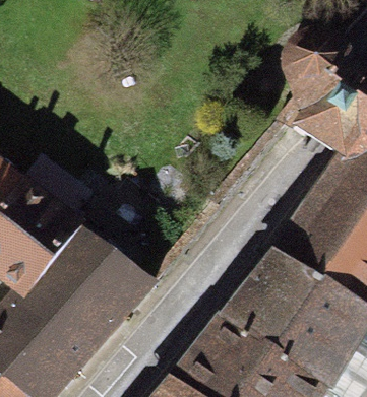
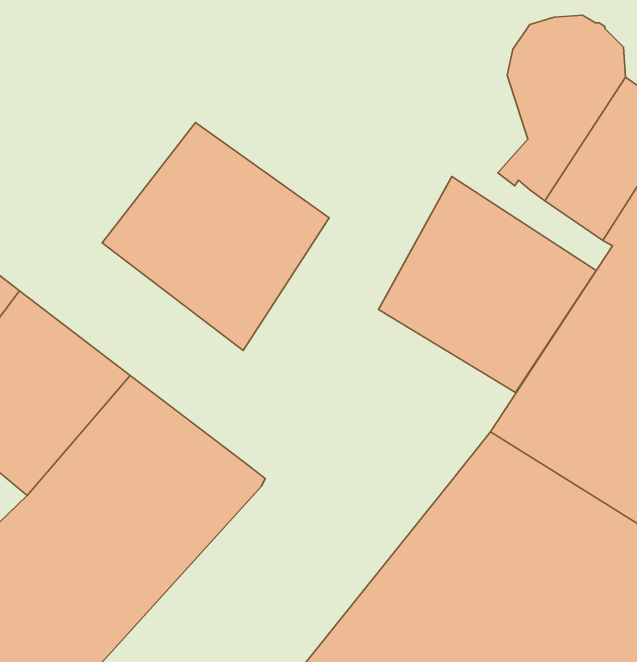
building: none -> [102,123,329,350]
building: none -> [379,177,596,393]

